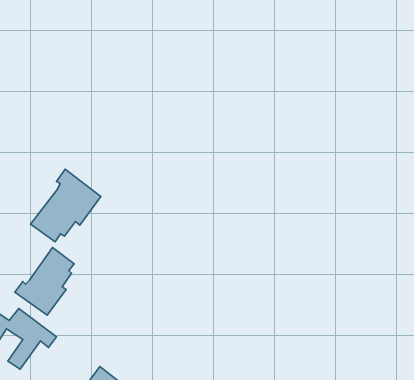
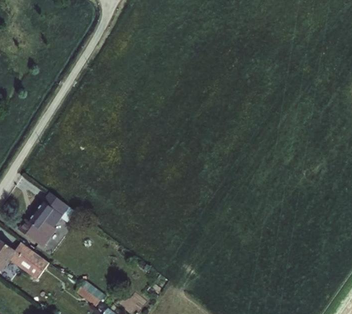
building: [30,169,101,242] -> none

